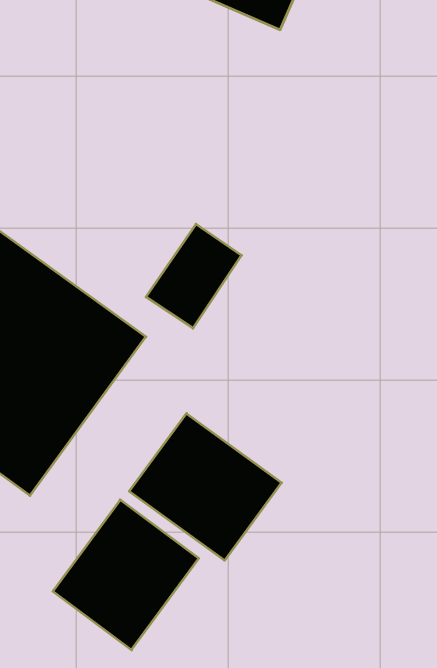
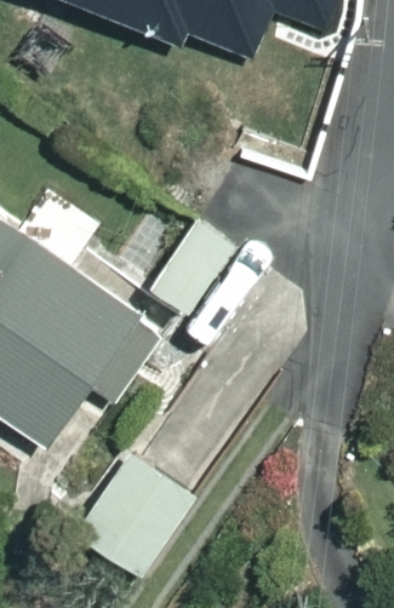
building: [129,413,282,560] -> none

